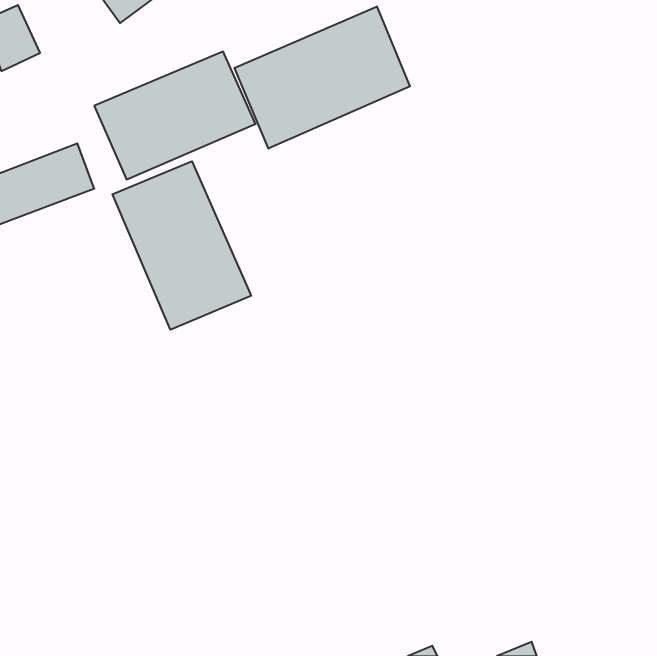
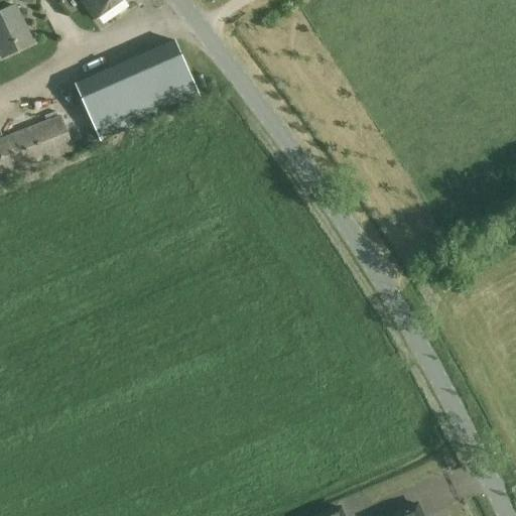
building: [235,6,410,149] -> none
building: [112,161,251,330] -> none

